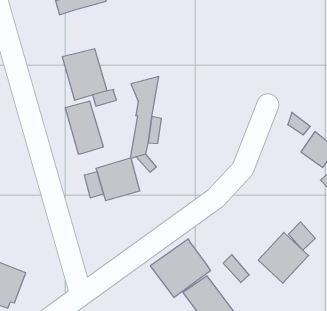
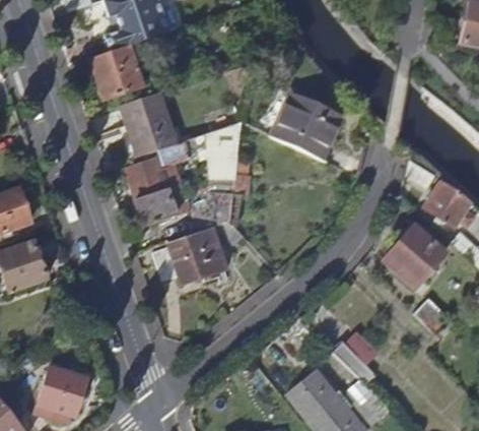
building: none -> [90,45,142,99]
building: none -> [273,91,342,159]
building: [258,232,309,283] -> [383,225,446,289]
building: [150,239,211,298] -> none

